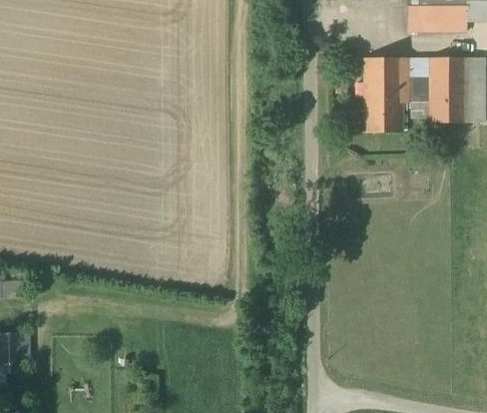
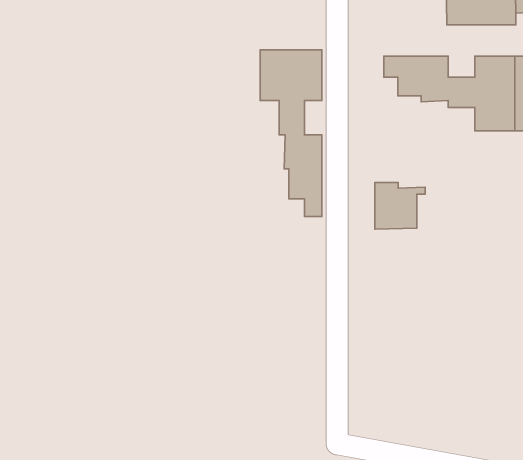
building: none -> [260,50,322,217]
building: [368,91,411,131] -> [375,182,425,229]

